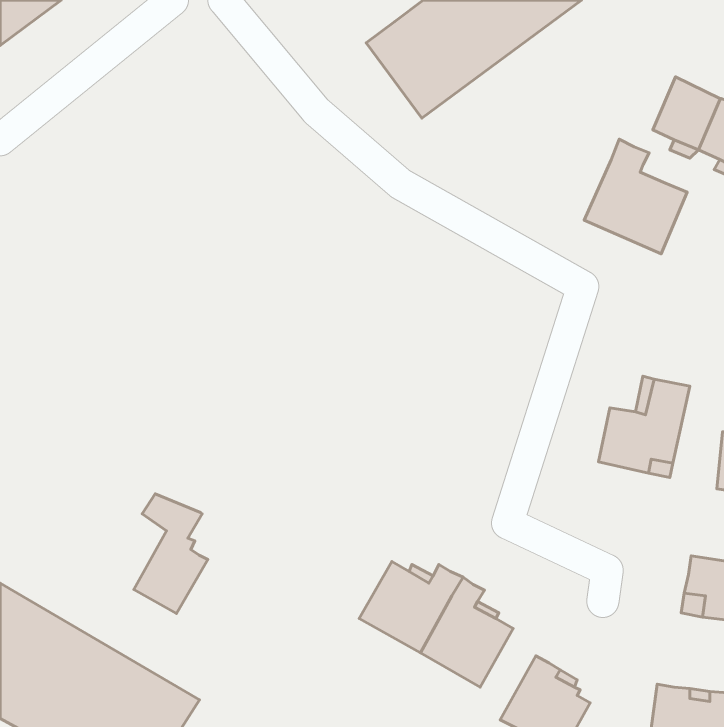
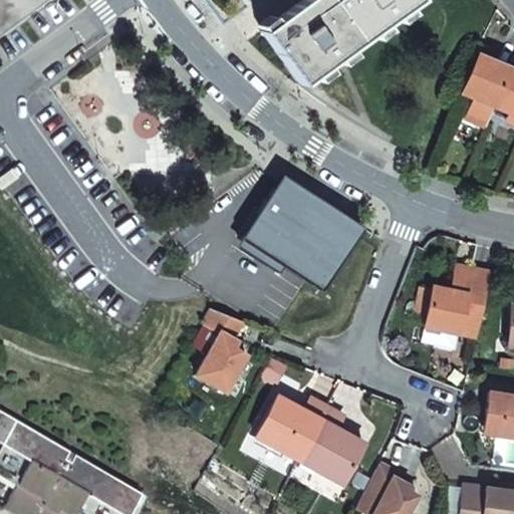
building: [584,139,687,254] -> none
building: none -> [243,176,366,294]
building: [134,494,208,614] -> [196,309,248,394]

